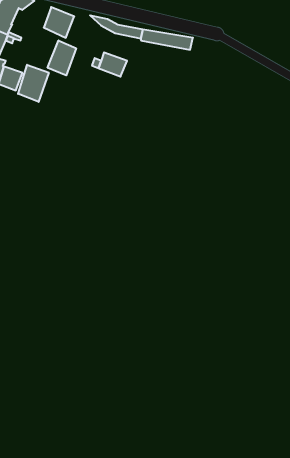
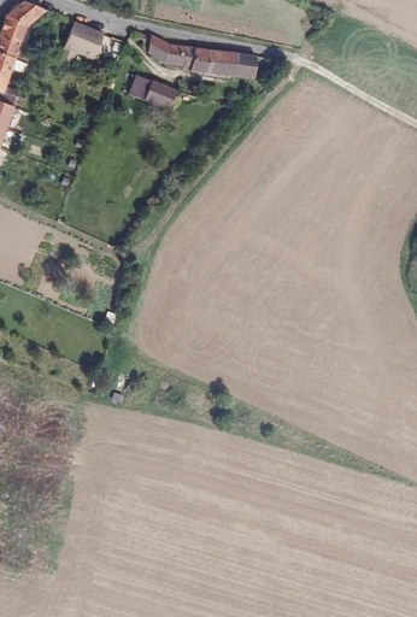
building: [48,40,76,75] -> none
building: [18,65,49,102] -> none

